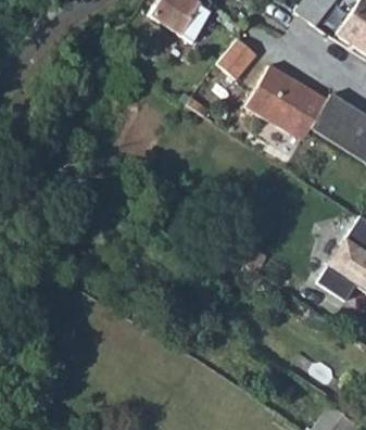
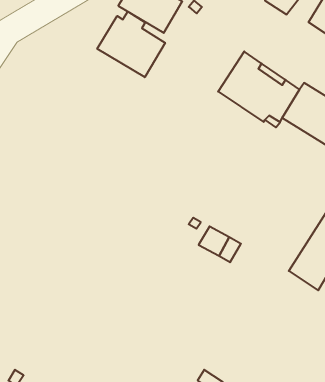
building: none -> [97,11,165,77]
building: [218,36,261,79] -> none

